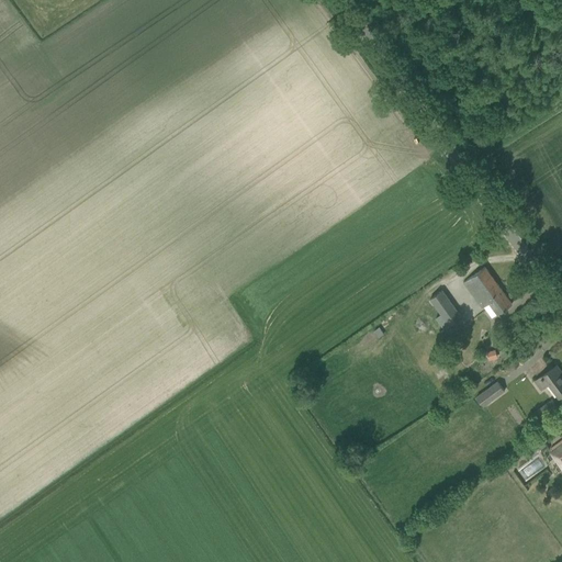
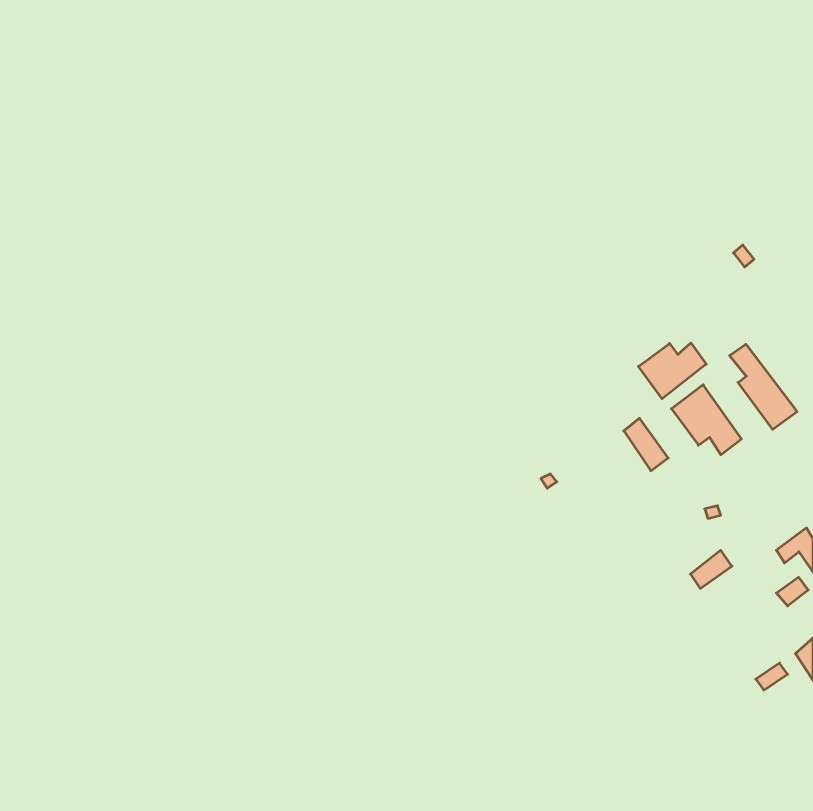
building: none -> [638,343,706,399]
building: none -> [730,344,797,429]

